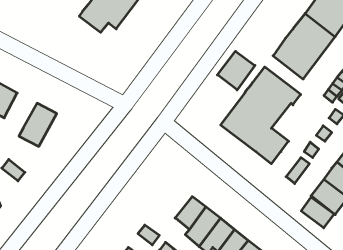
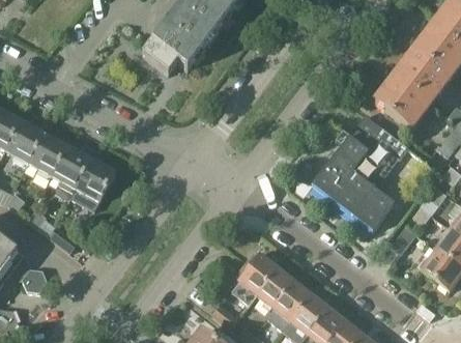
building: [217,51,255,90] -> none
building: none -> [52,144,91,187]
building: none -> [230,250,278,304]
building: [301,197,334,228] -> none

